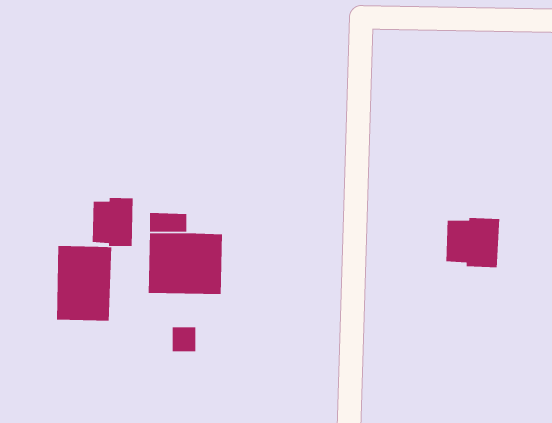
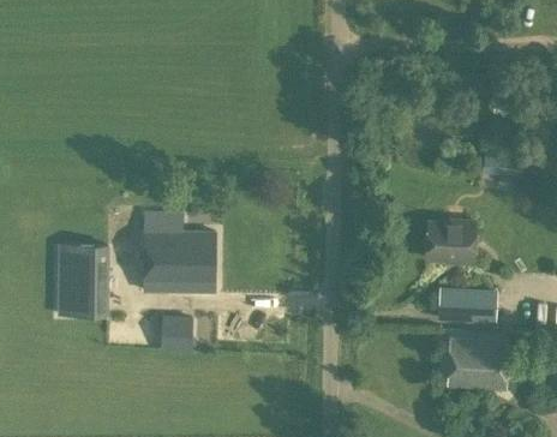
building: [92,197,133,247] -> none
building: none -> [441,288,496,322]
building: none -> [448,339,508,389]

